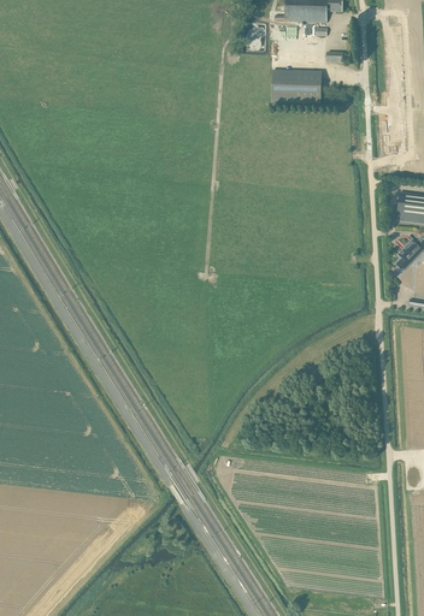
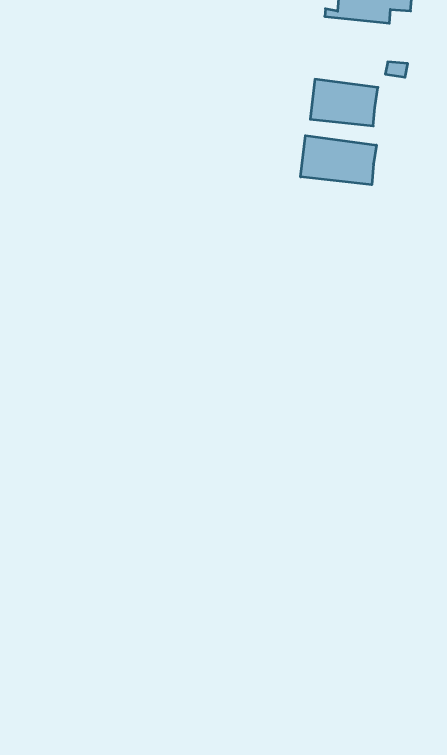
building: none -> [301,136,376,185]

